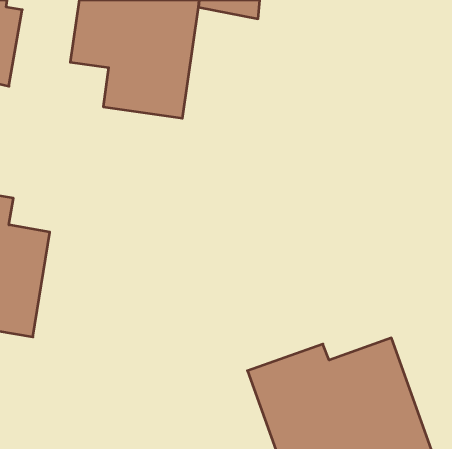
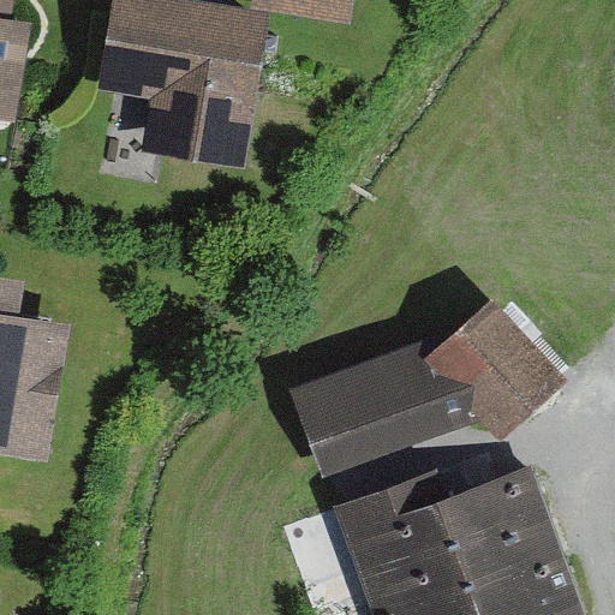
building: none -> [288,295,569,478]

